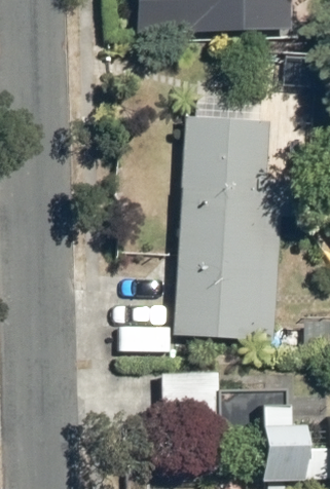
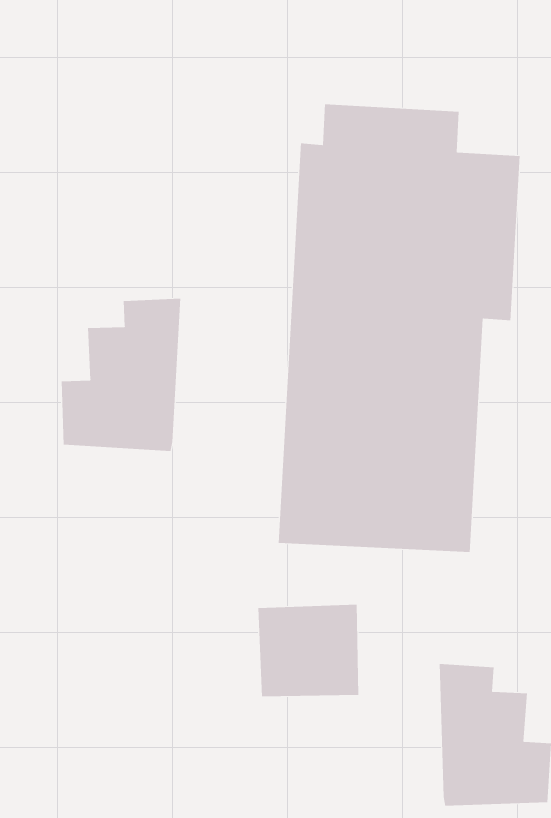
building: none -> [61,298,181,452]

